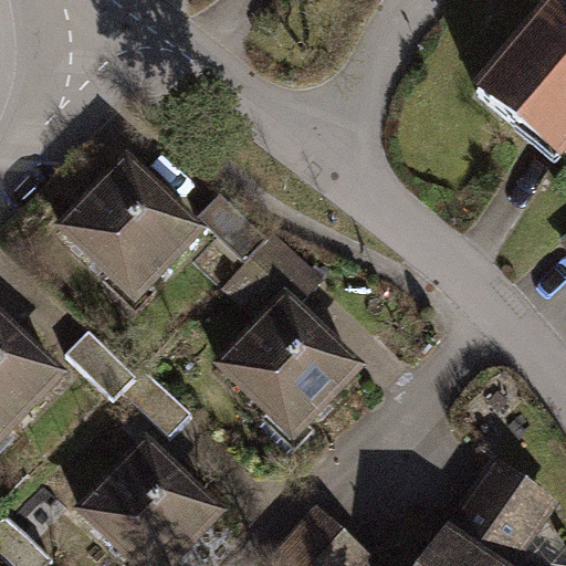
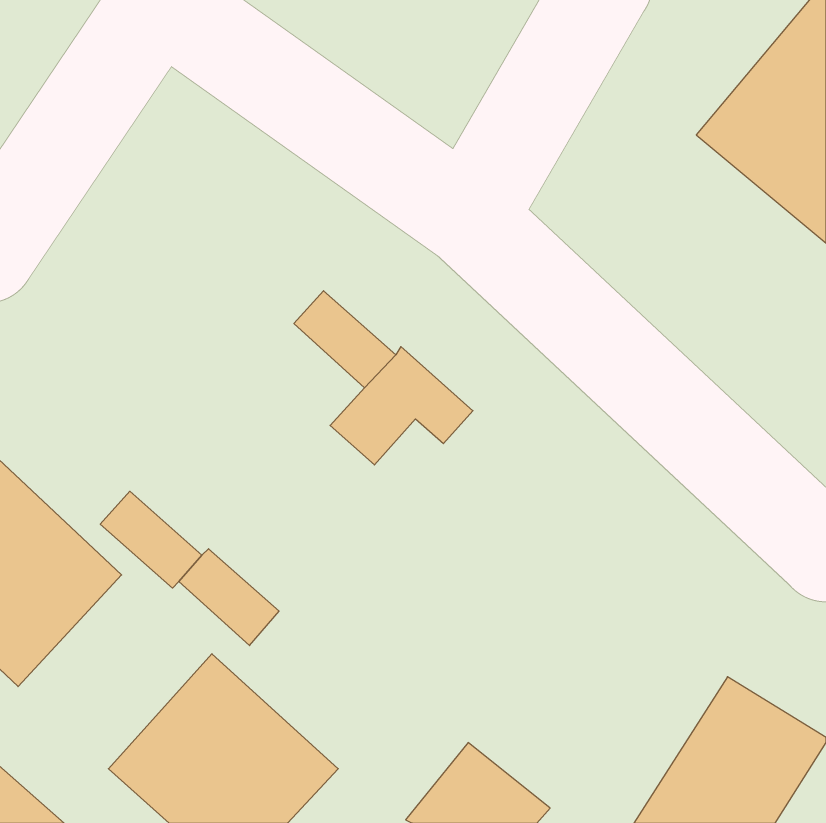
building: [59,159,211,311] -> none
building: [214,293,367,443] -> none

